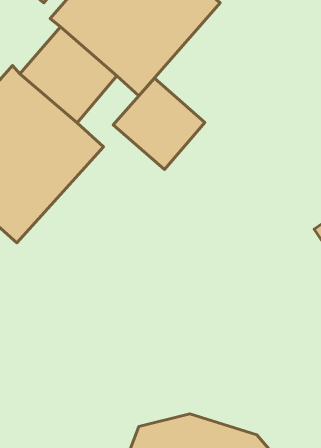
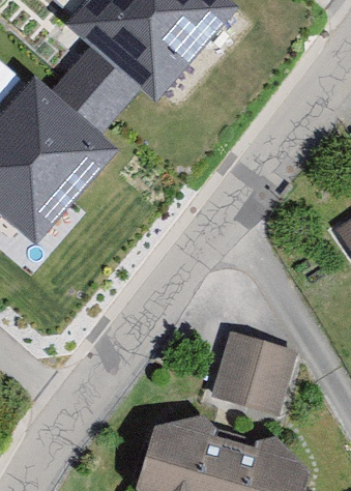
building: [113,78,205,169] -> none
building: none -> [203,330,290,415]

